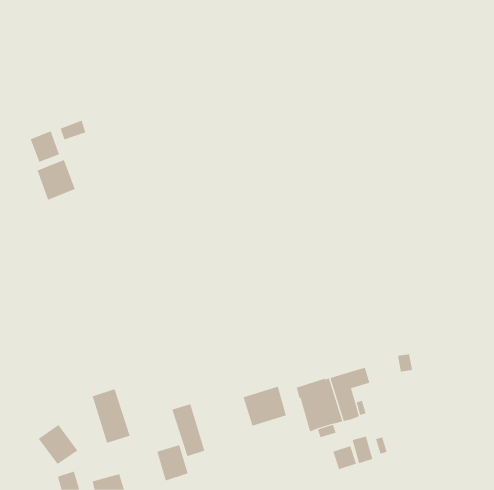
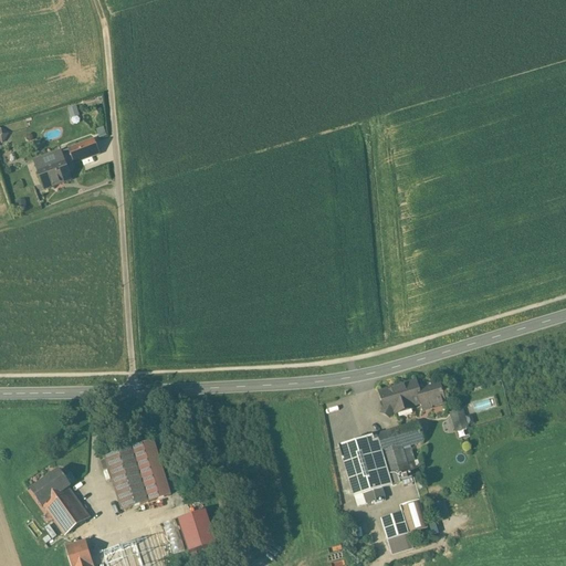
building: [37,159,75,200] -> none
building: none -> [379,378,444,409]
building: [243,386,286,426] -> none
building: [171,404,205,457] -> [132,438,170,499]
building: none -> [30,468,70,504]

